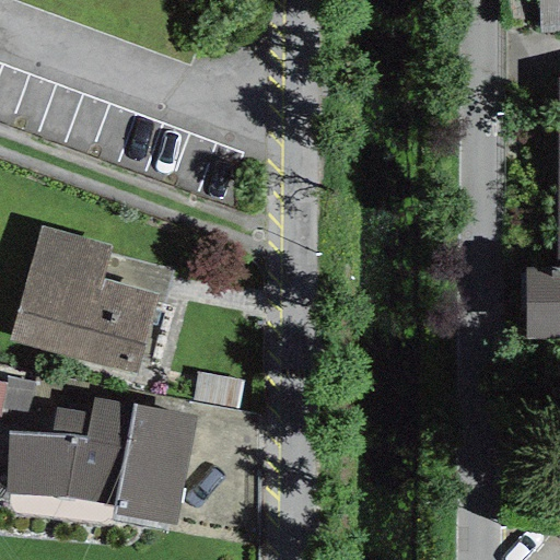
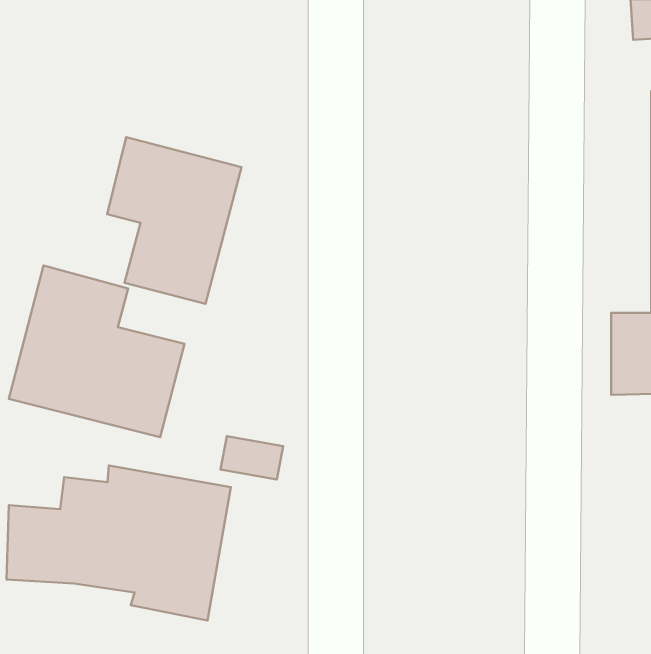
building: none -> [107,137,242,304]

